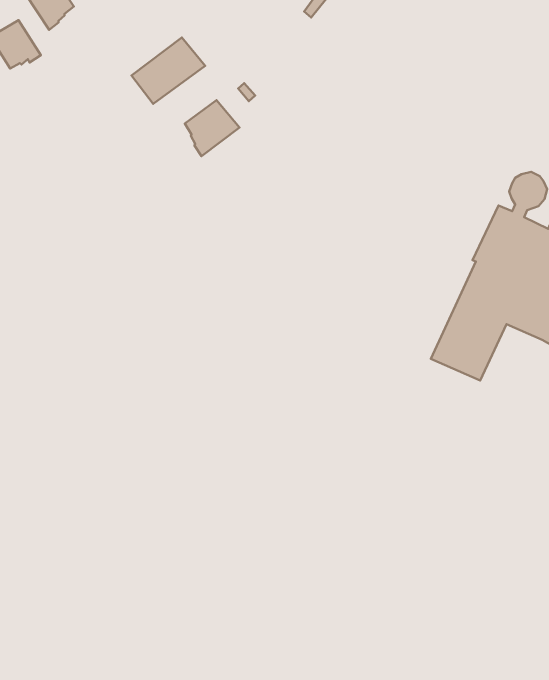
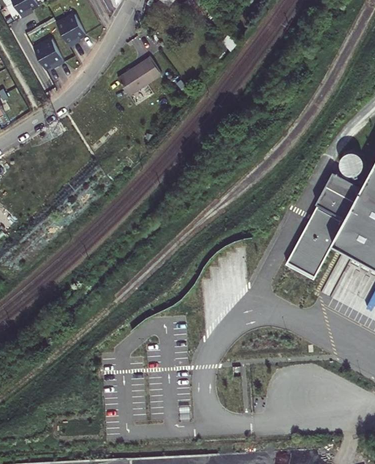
building: [185,100,240,156] -> none

